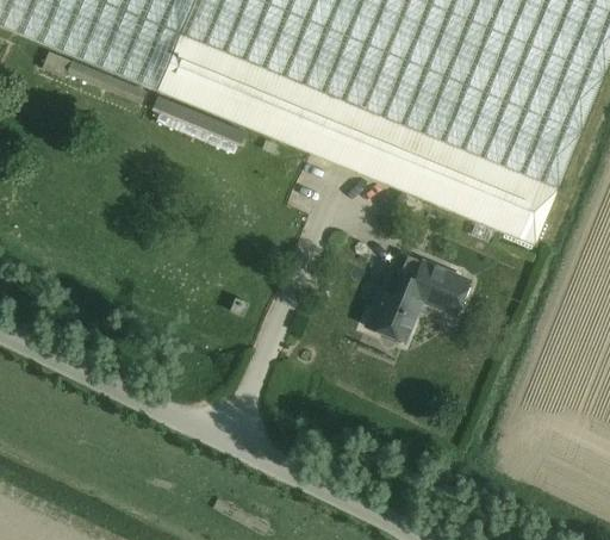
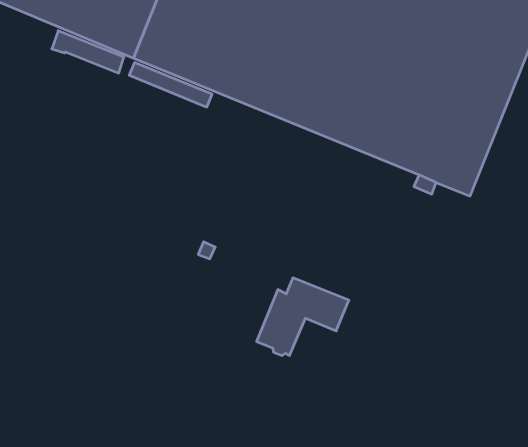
building: [366,254,469,341] -> [257,278,349,355]

